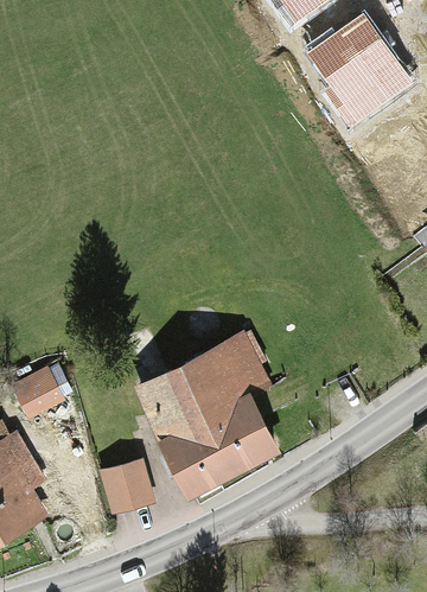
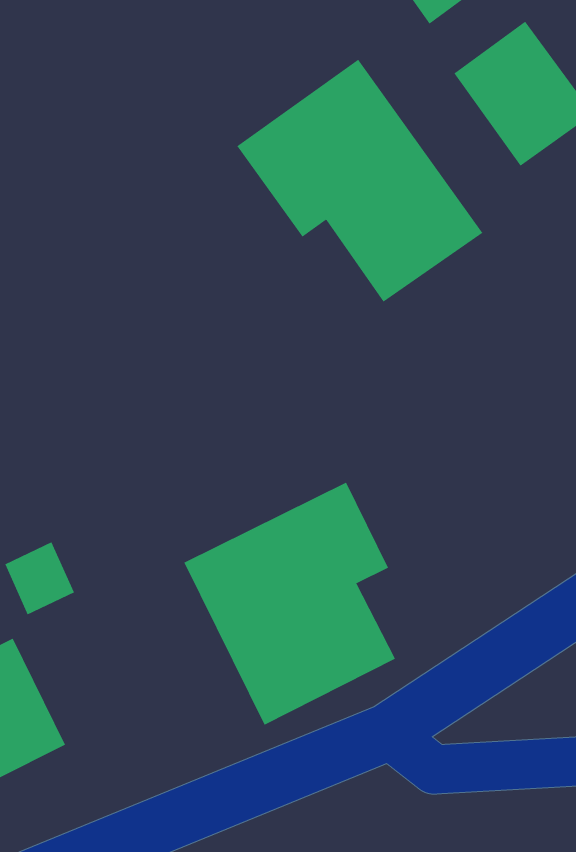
building: none -> [236,59,483,302]
building: [101,459,153,518] -> none

